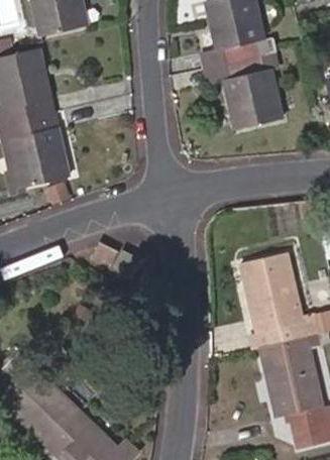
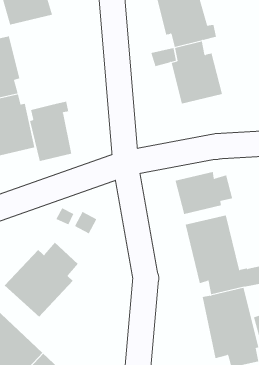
building: none -> [29,101,72,162]
building: none -> [175,171,233,215]
building: none -> [4,242,78,317]

